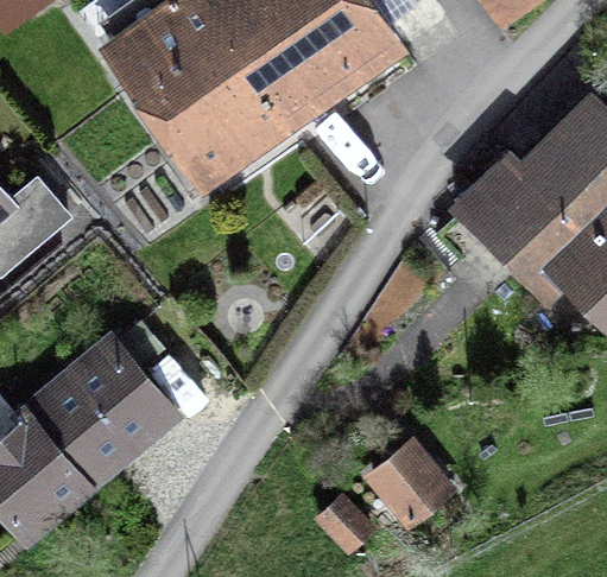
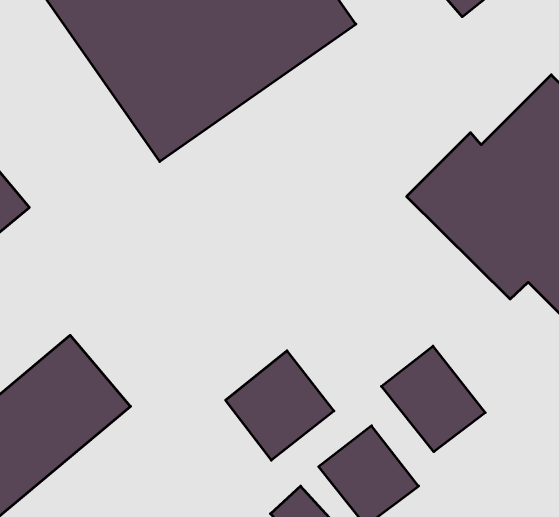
building: none -> [381,346,485,452]
building: none -> [226,351,334,460]

